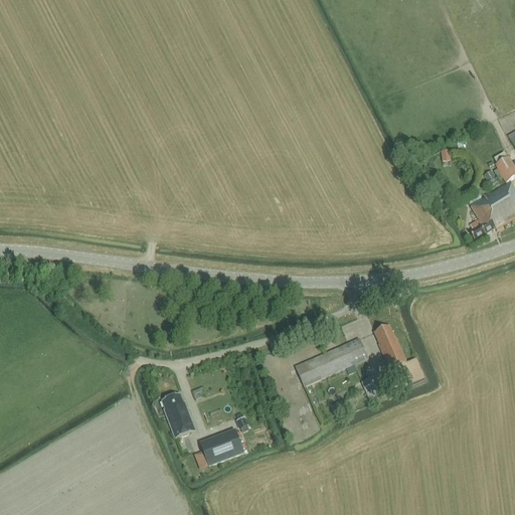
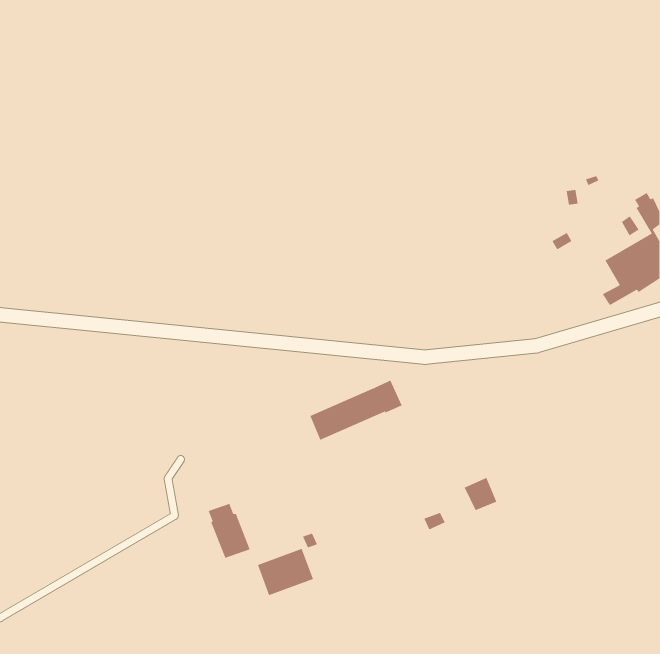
building: [374,324,406,368] -> none
building: [296,337,368,384] -> [310,380,403,440]

